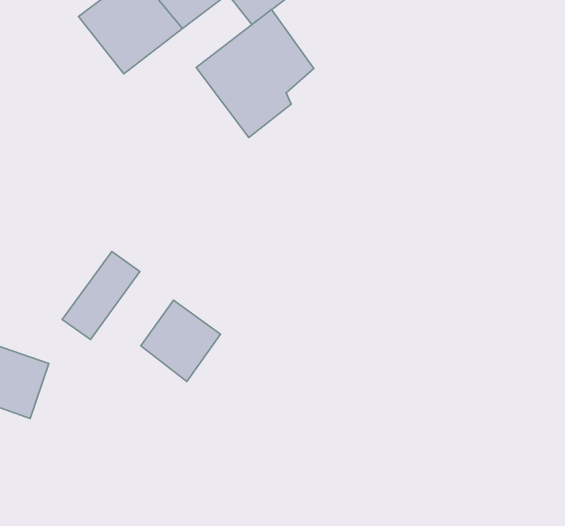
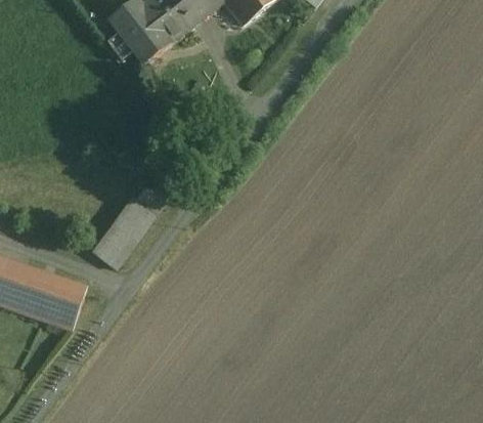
building: [196,9,314,137] -> none
building: [141,300,221,381] -> none

